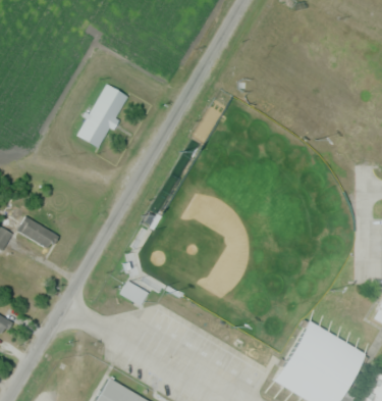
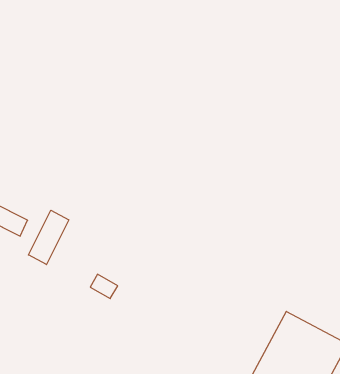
building: [76,88,127,151] -> none
building: none -> [28,210,69,265]

